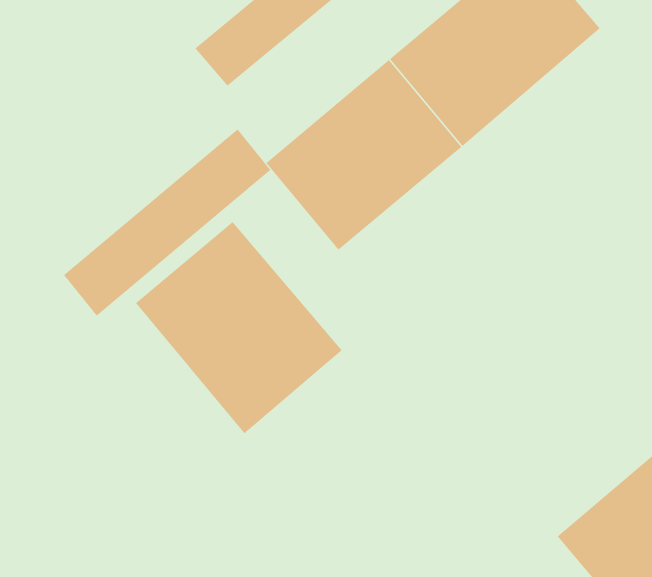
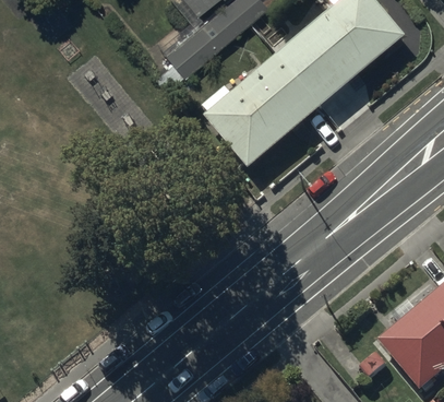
building: [63,128,271,317] -> none
building: [135,221,342,434] -> none

